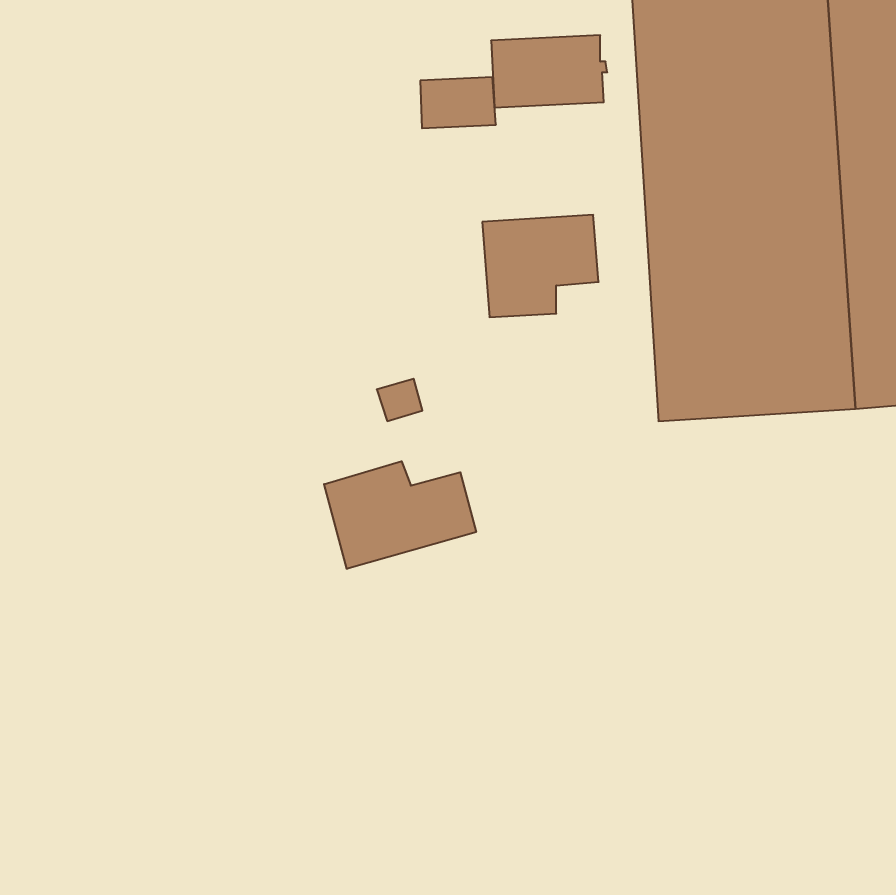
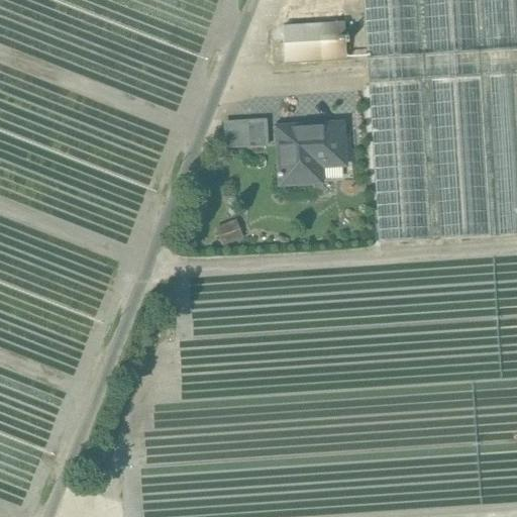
building: [420,77,496,128] -> [226,116,270,145]
building: [324,461,476,569] -> none

